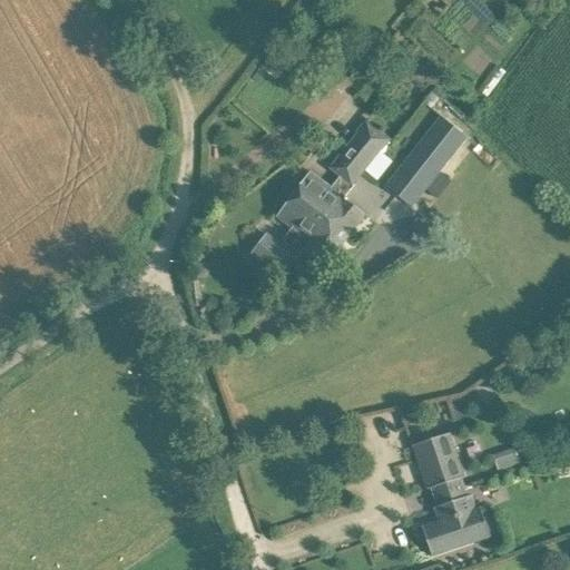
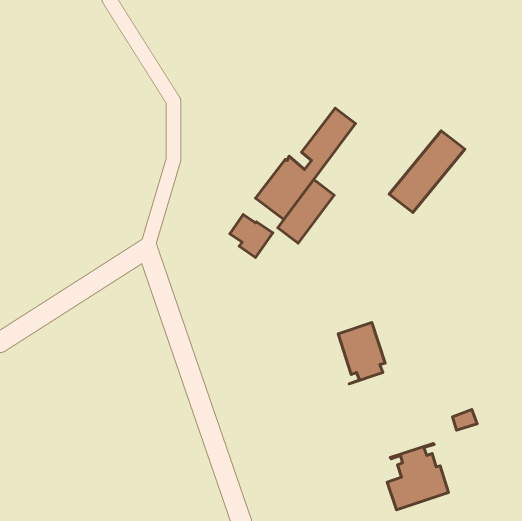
building: [385,116,468,205] -> [389,131,465,212]
building: [413,432,464,499] -> [338,322,385,384]

